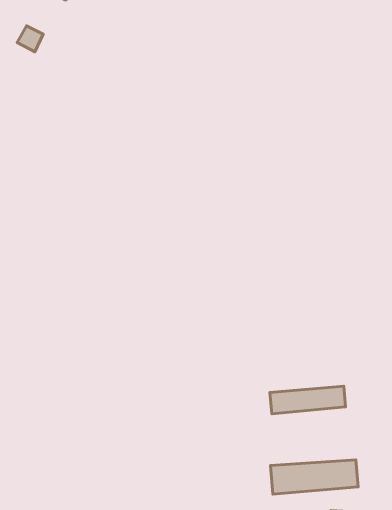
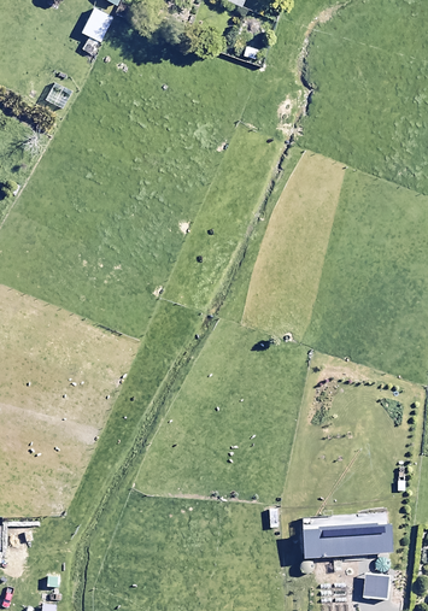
building: [270,386,345,414] -> none

